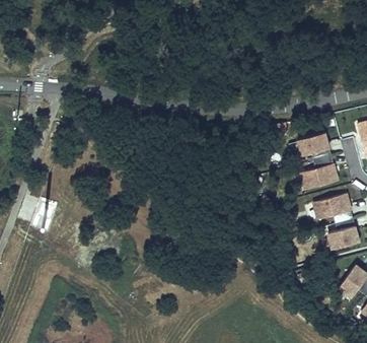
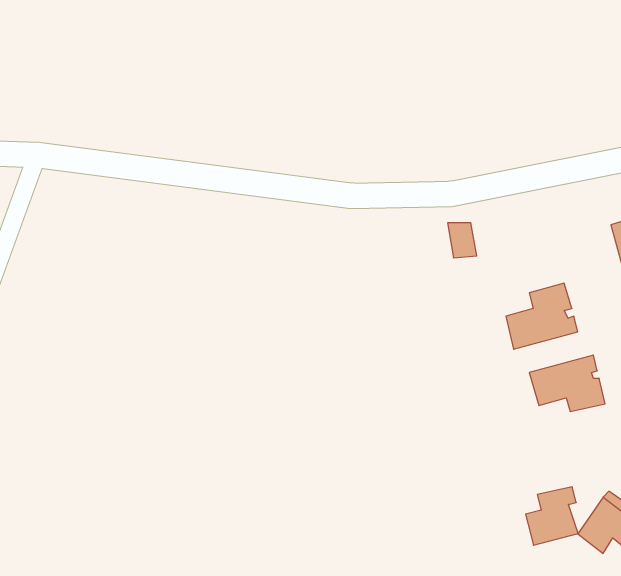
building: [299,133,333,160] -> none
building: [329,218,357,249] -> [526,487,578,545]

